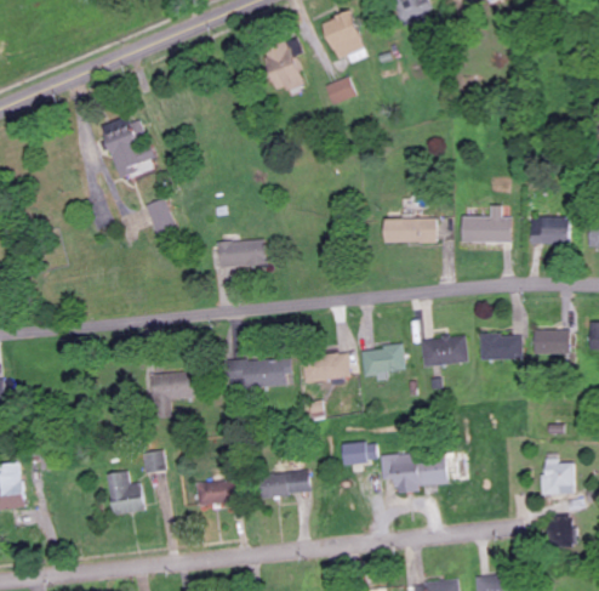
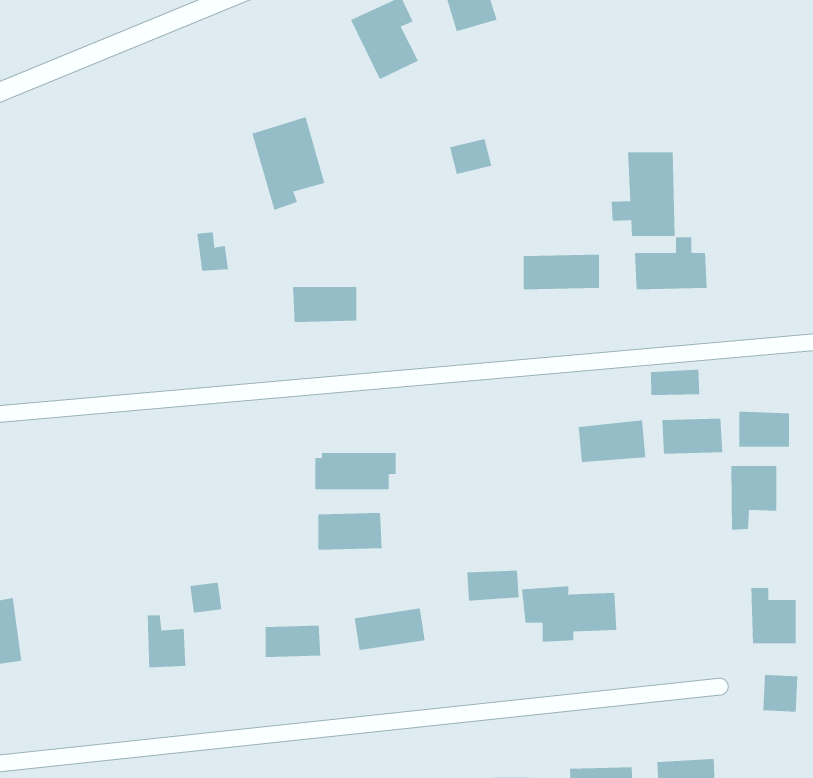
building: [325,78,355,103] -> [449,138,492,174]
building: [101,112,153,178] -> [252,117,325,211]
building: none -> [611,151,675,237]
building: [530,216,570,245] -> none
building: none -> [650,369,700,396]
building: [361,343,403,379] -> none
building: [303,353,349,380] -> [317,512,382,550]
building: none -> [731,465,777,530]
building: [149,373,194,410] -> none

